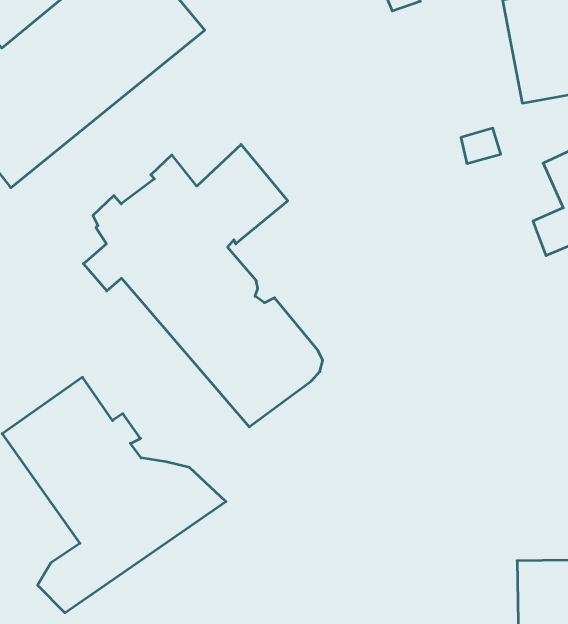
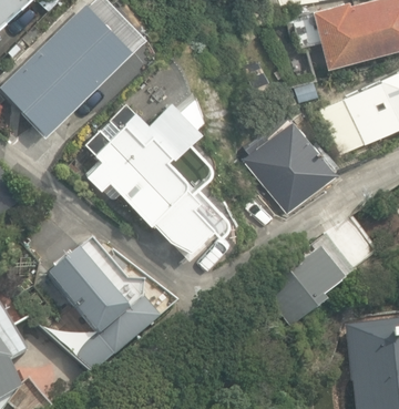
building: none -> [242,116,336,214]
building: none -> [260,248,345,331]

